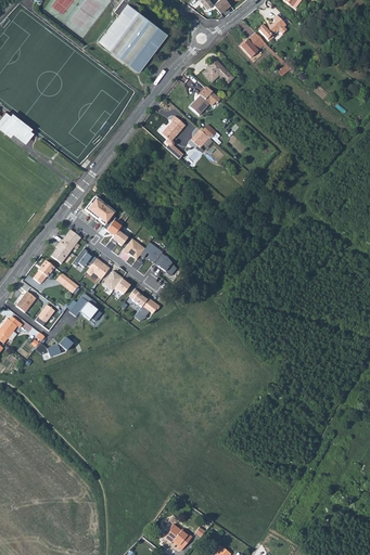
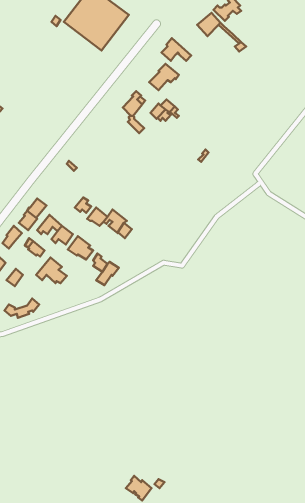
building: [81,195,113,224] -> none

